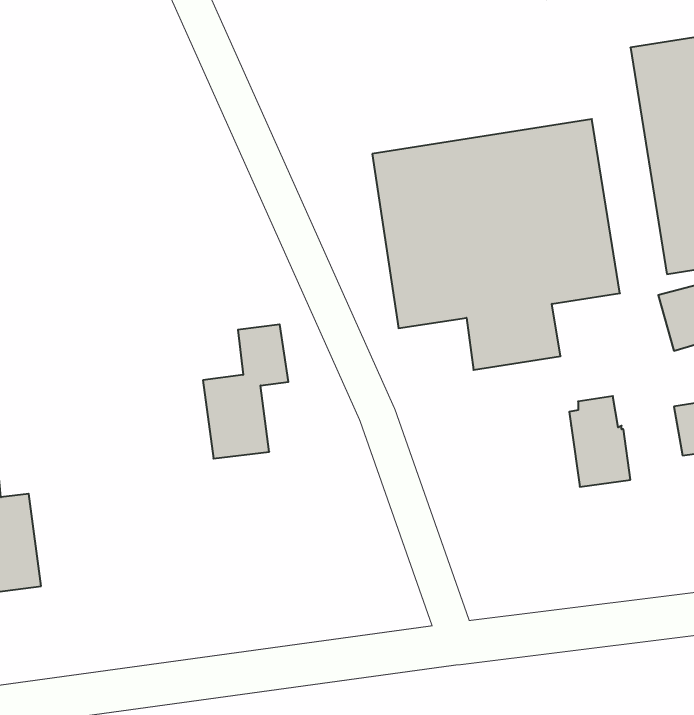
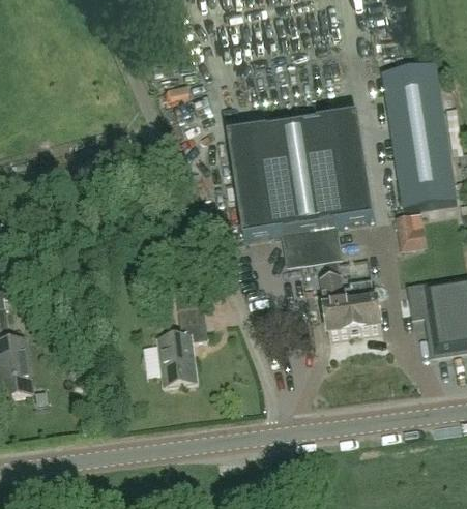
building: [203,324,288,459] -> [156,302,207,382]
building: none -> [320,273,350,334]

